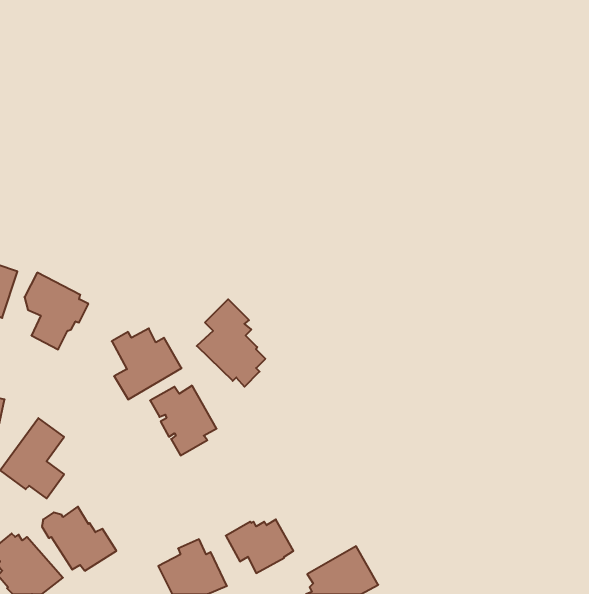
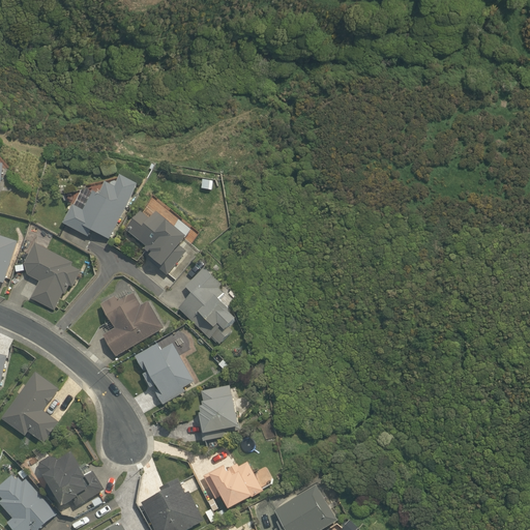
building: none -> [60,175,137,239]
building: none -> [125,210,189,275]
building: none -> [197,385,239,441]

